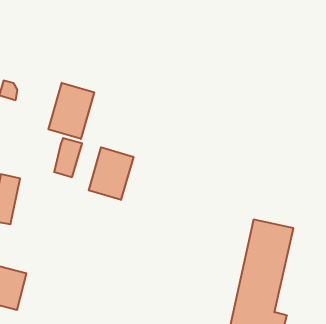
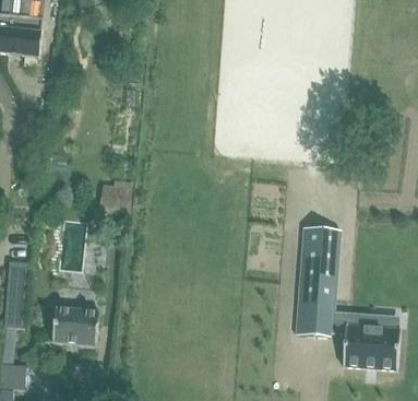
building: [48,83,94,139] -> none
building: [89,147,133,200] -> none

